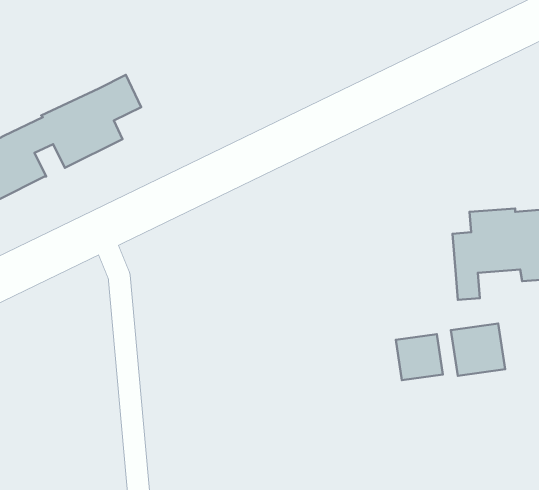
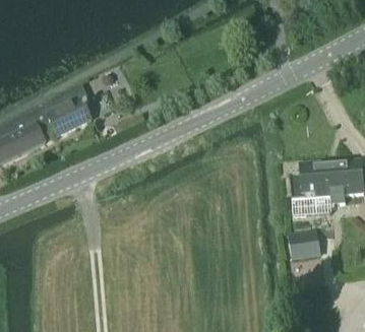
building: [396,334,443,380] -> none

